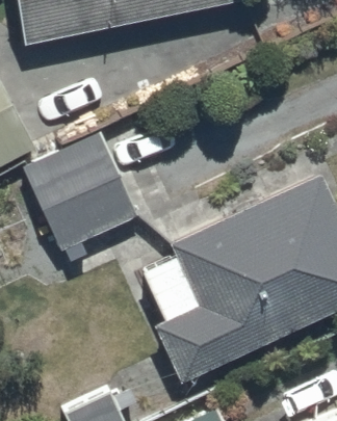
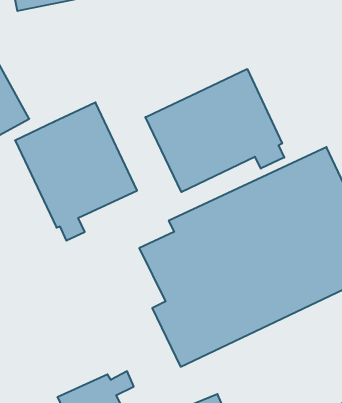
building: none -> [145,69,284,192]

